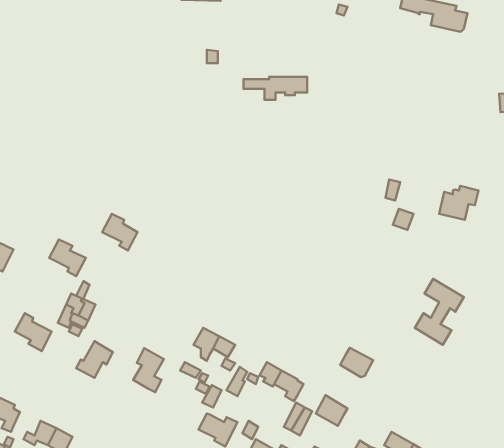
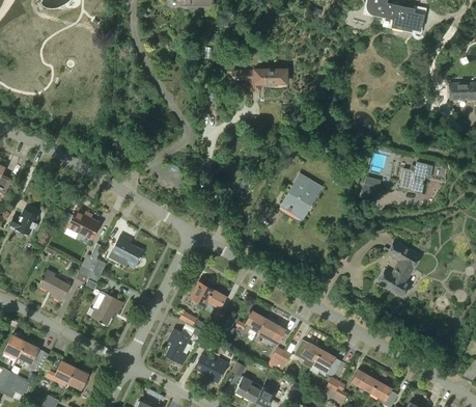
building: none -> [281,174,321,215]
building: [102,214,138,251] -> [113,236,143,267]
building: [340,348,373,377] -> [313,351,341,376]
building: [133,348,164,392] -> [165,328,191,365]

